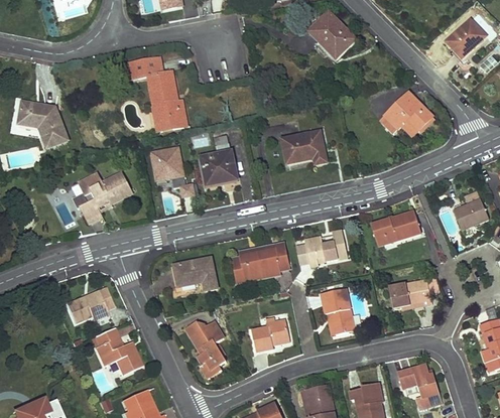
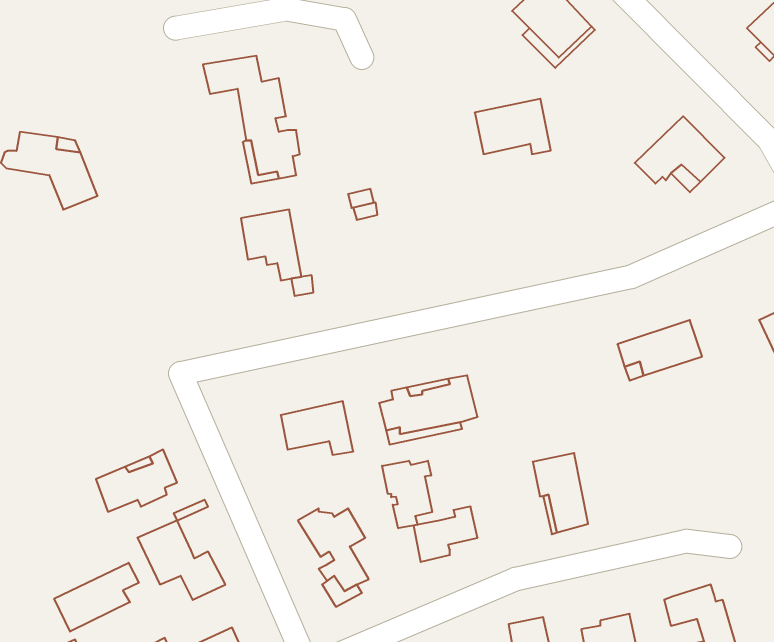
building: [281,131,326,163] -> [475,99,551,154]
building: [201,151,237,185] -> none
building: [78,171,132,223] -> none
building: [303,230,347,266] -> none
building: [388,278,430,307] -> none
building: none -> [382,461,432,528]
building: none -> [54,563,139,632]

